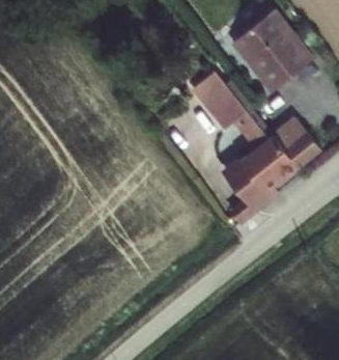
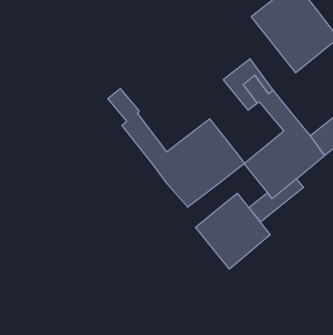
building: none -> [108,89,245,207]
building: none -> [196,193,270,269]

